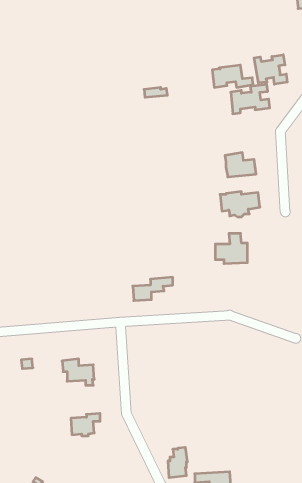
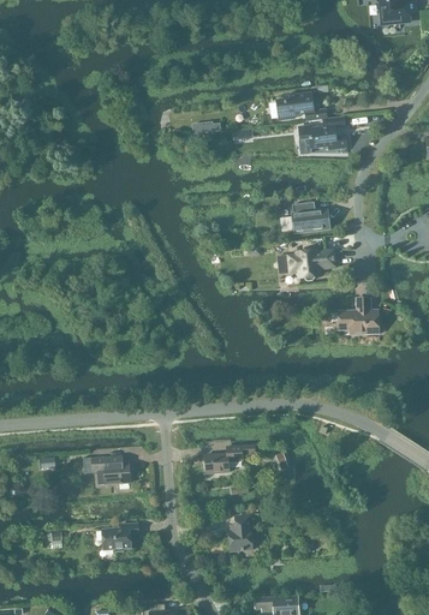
building: [254,55,287,84] -> none
building: [215,233,247,264] -> [338,298,377,335]
building: [133,277,173,301] -> [204,444,254,473]
building: [168,447,187,478] -> [228,514,252,551]

